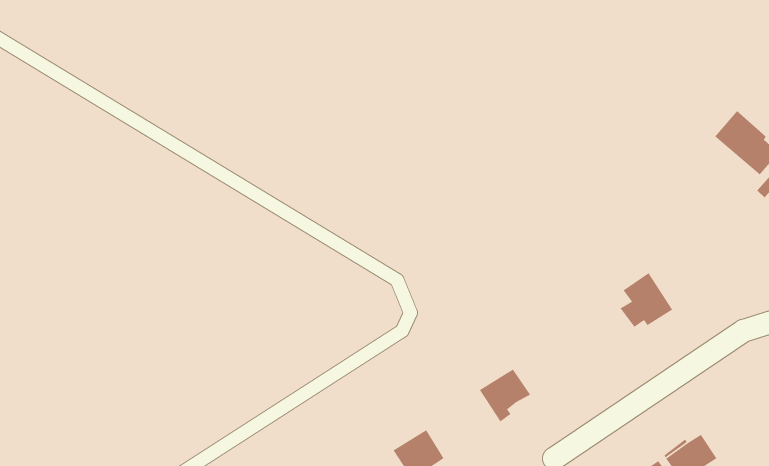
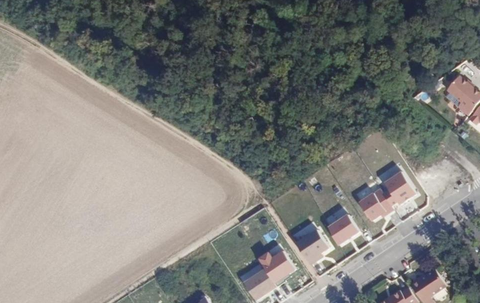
building: none -> [359,189,394,221]
building: none -> [328,214,359,245]
building: none -> [257,250,294,283]

